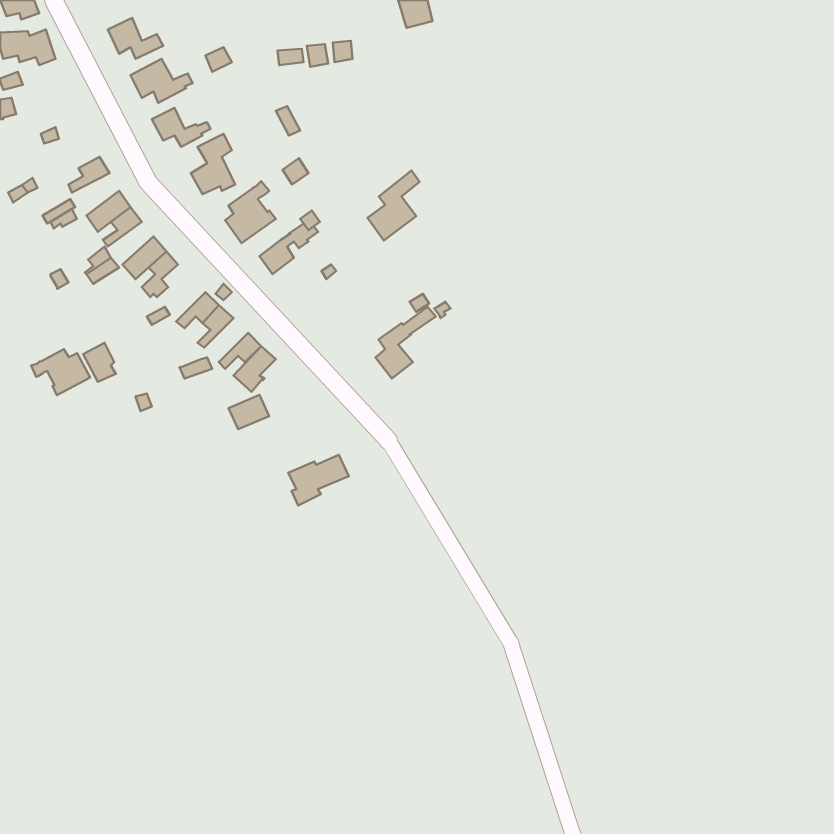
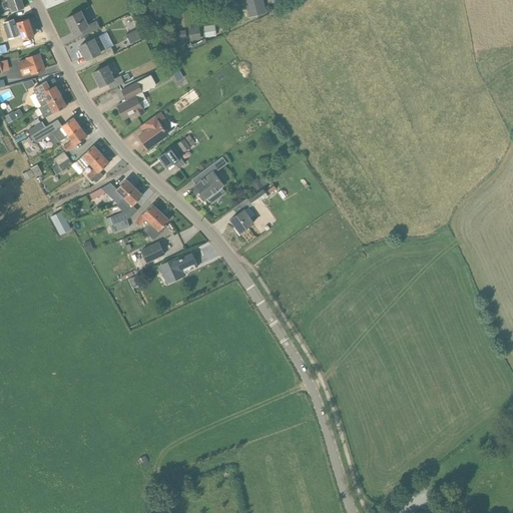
building: none -> [18,54,45,76]
building: none -> [33,82,61,106]
building: [367,170,420,241] -> [193,157,225,200]
building: [31,349,90,395] -> none
building: [288,455,349,506] -> [161,253,198,285]

